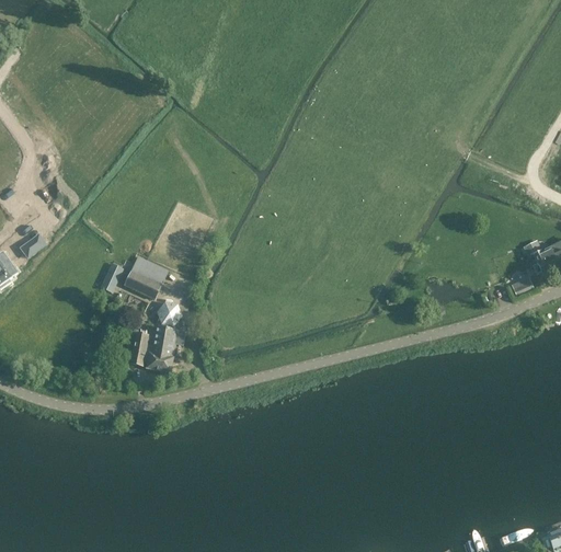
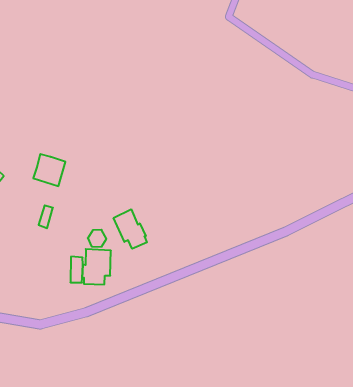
building: [123,255,165,298] -> [33,154,65,186]
building: none -> [114,209,147,249]

